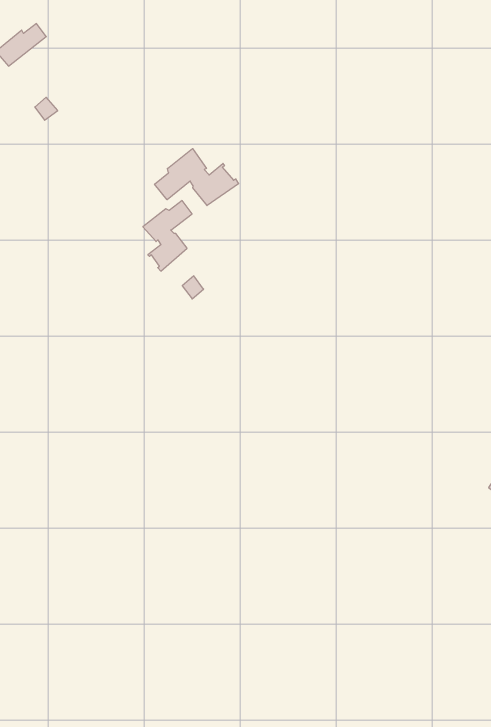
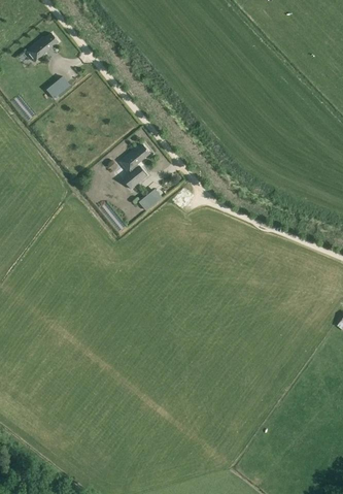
building: [155,149,239,206] -> none

